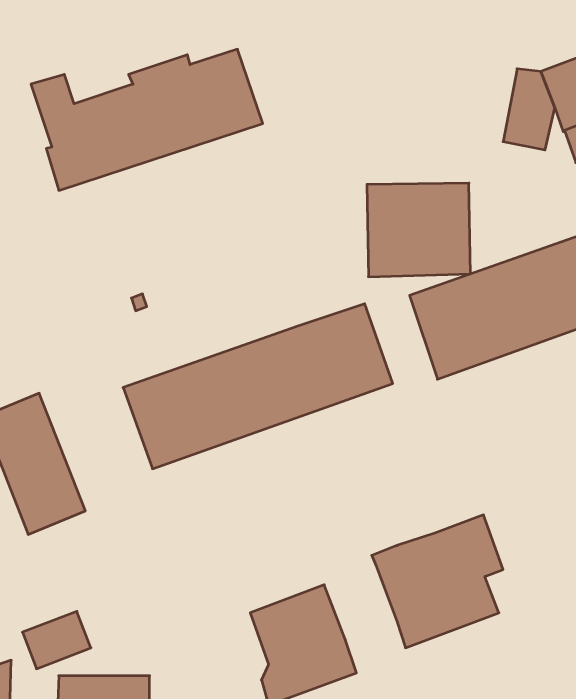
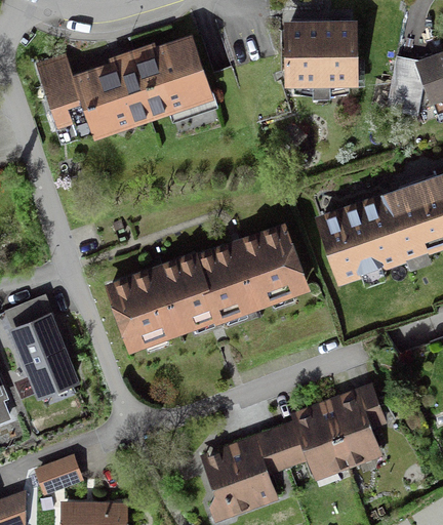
building: [367,183,470,277] -> [283,17,359,86]
building: none -> [255,420,309,475]

